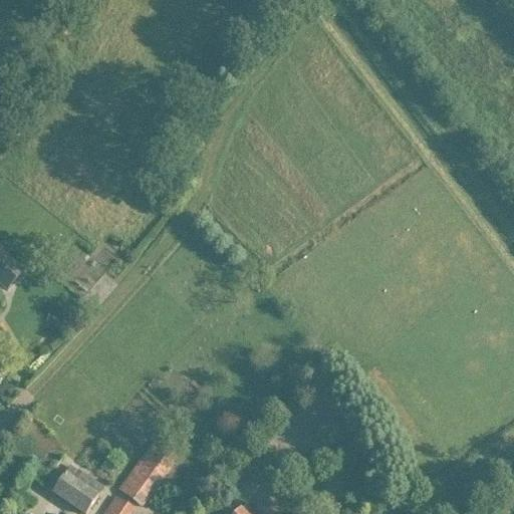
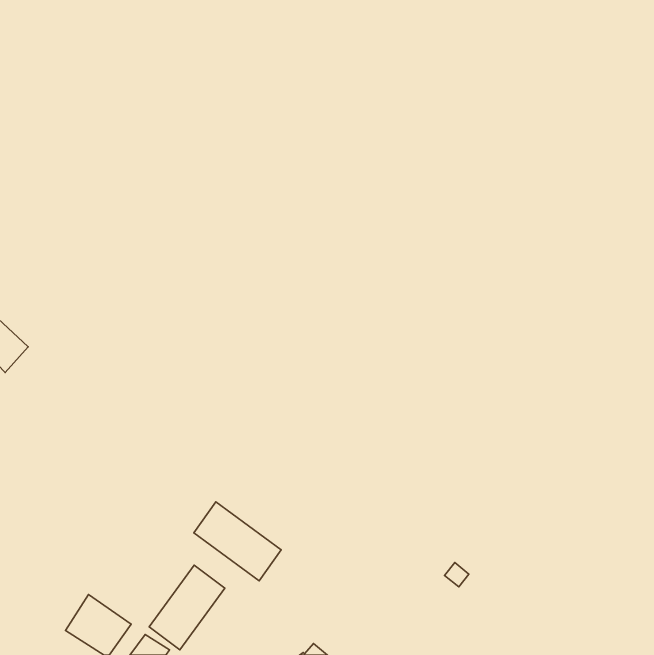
building: none -> [194,502,281,581]

